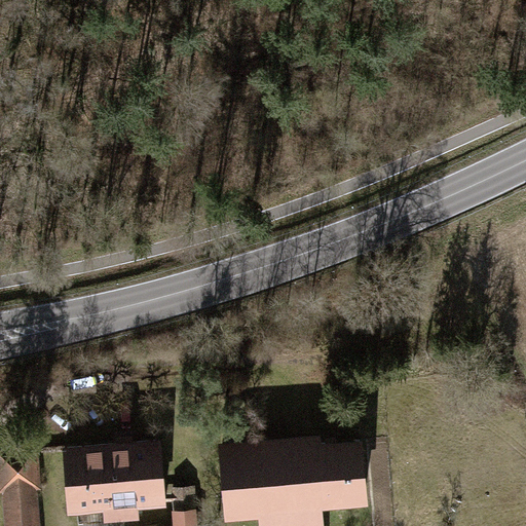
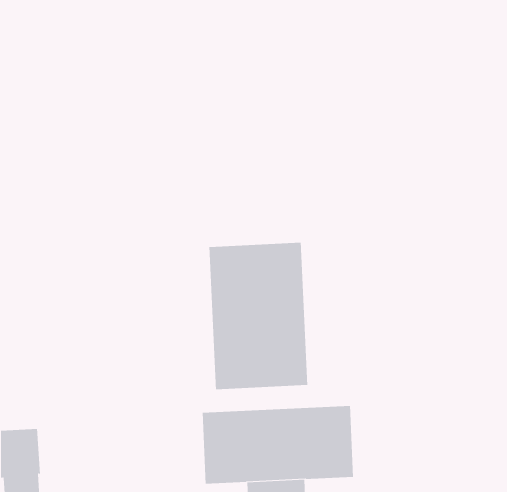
building: none -> [209,242,308,390]
building: [63,447,164,520] -> none

